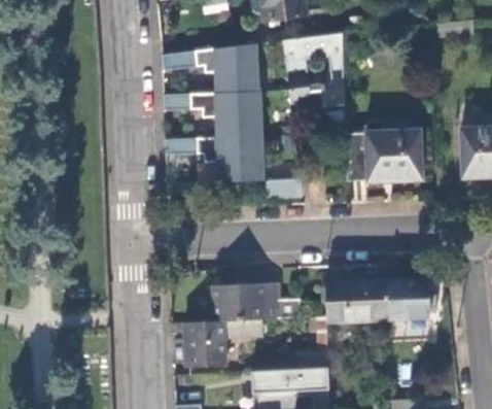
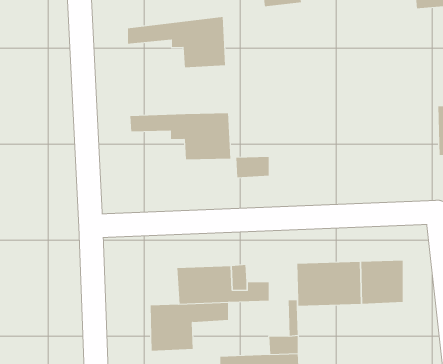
building: [283,34,345,108] -> none
building: [164,91,260,137] -> none
building: [346,124,422,181] -> none

